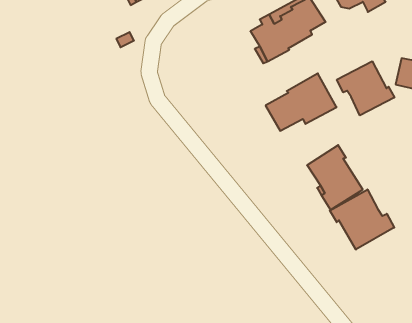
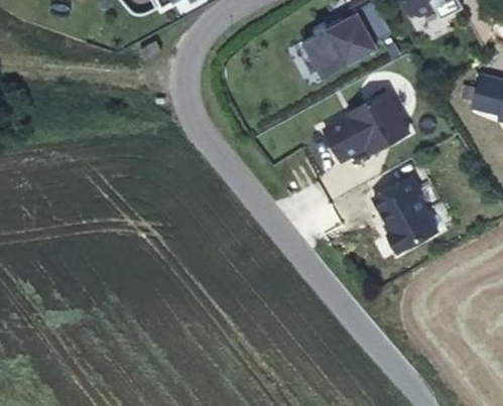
building: [337,61,394,115] -> none
building: [330,189,394,250] -> none

